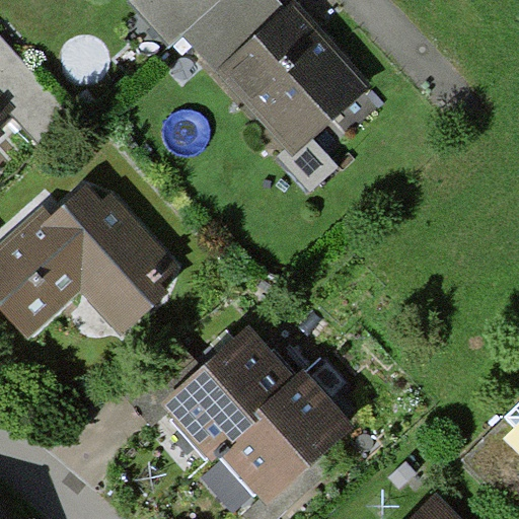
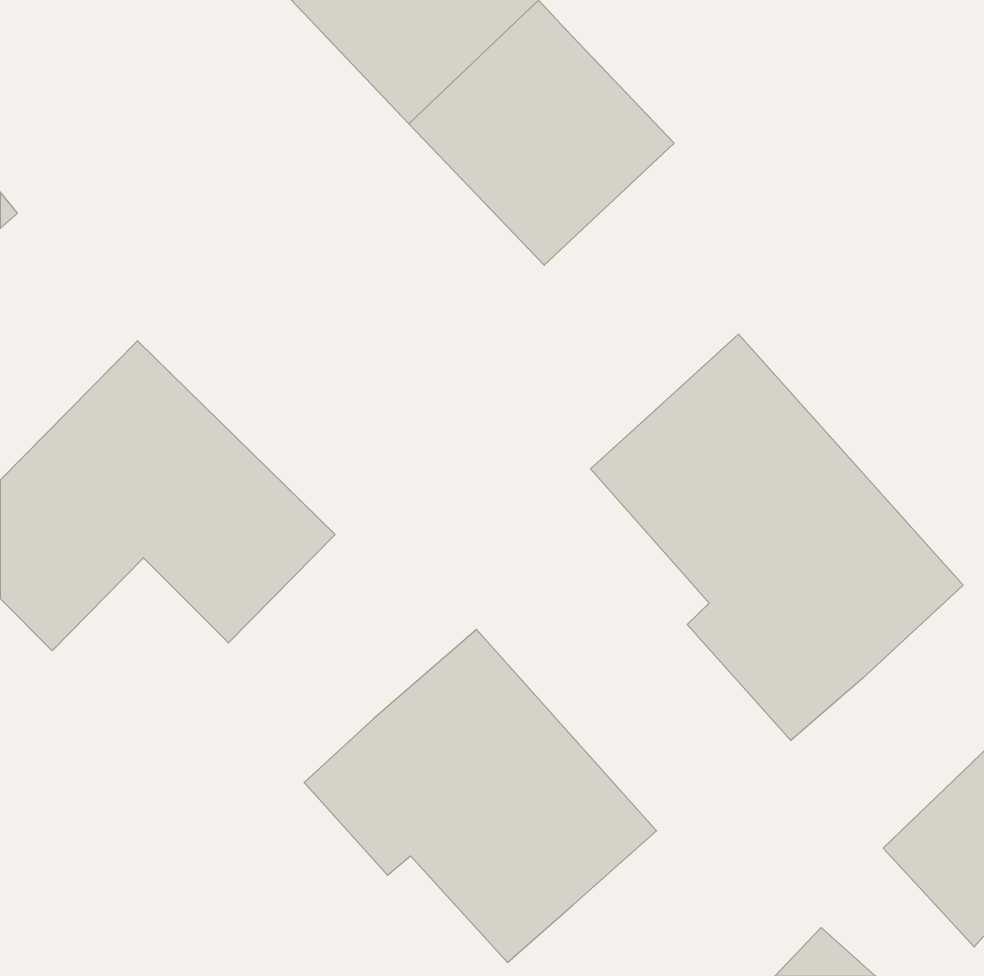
building: none -> [590,334,963,741]

